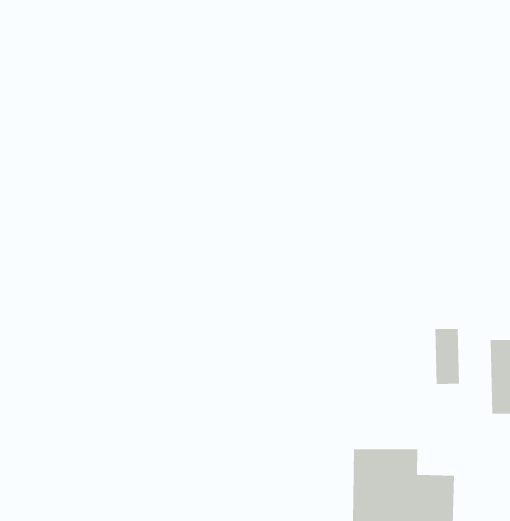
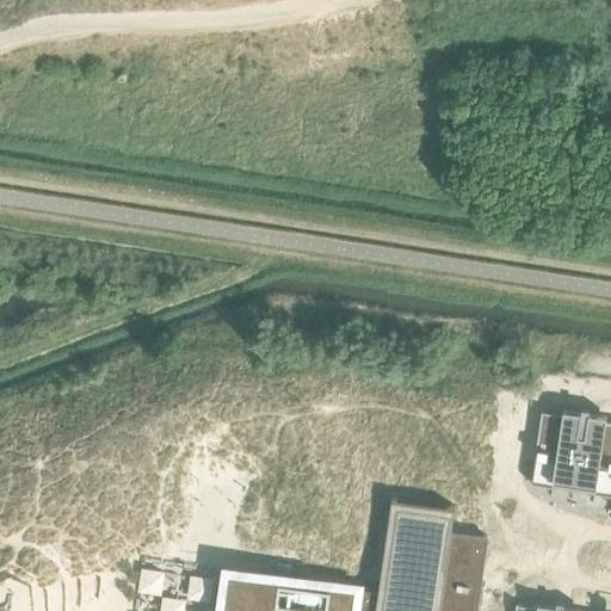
building: [435,328,459,385] -> none

